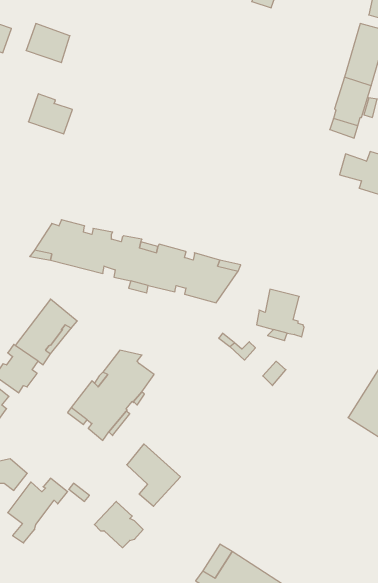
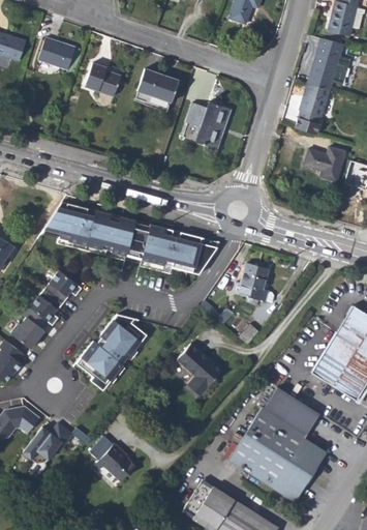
building: none -> [135,68,179,112]
building: [28,94,72,134] -> [84,62,121,96]
building: none -> [183,101,231,148]
building: none -> [222,386,327,501]
building: [127,444,180,506] -> [176,342,221,394]

